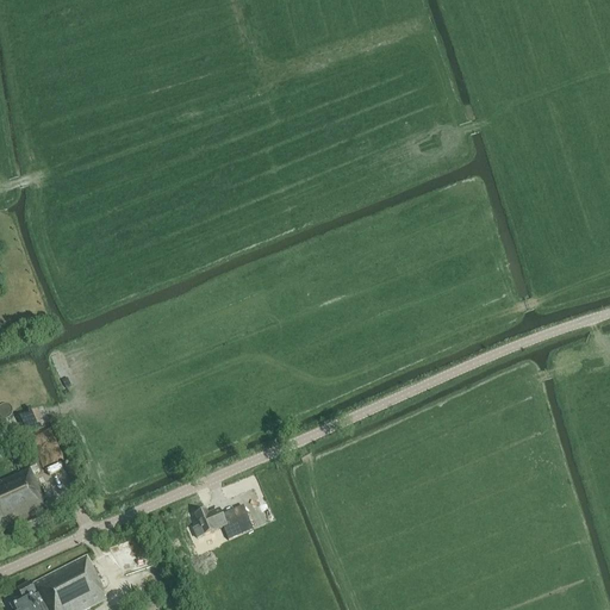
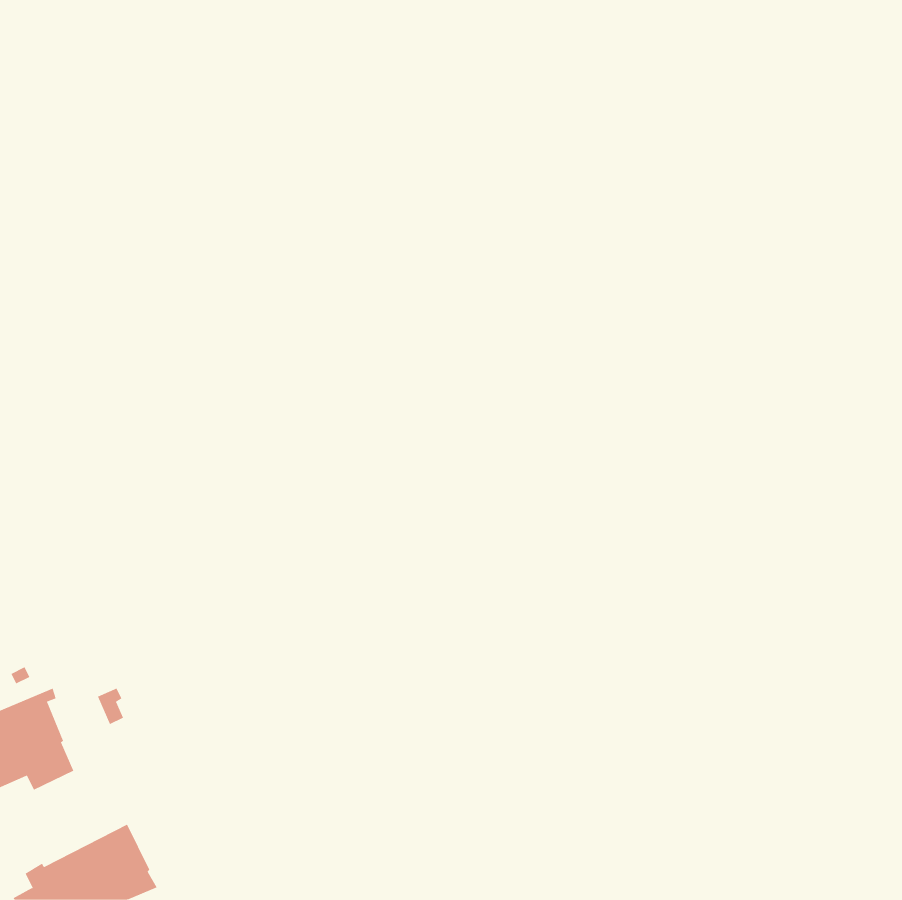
building: [192,505,251,539] -> none

